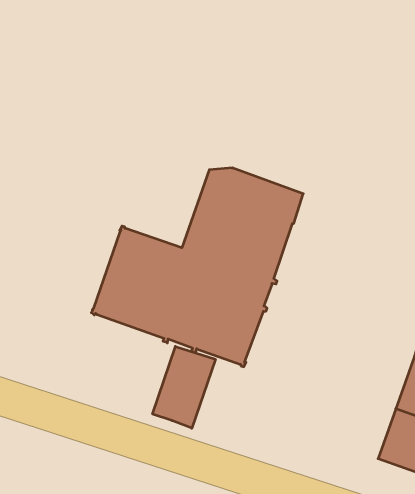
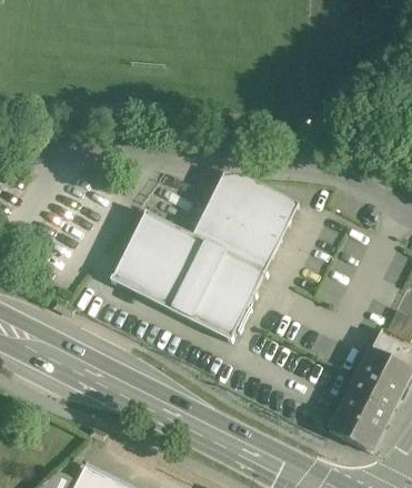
building: [153,346,215,428] -> none

